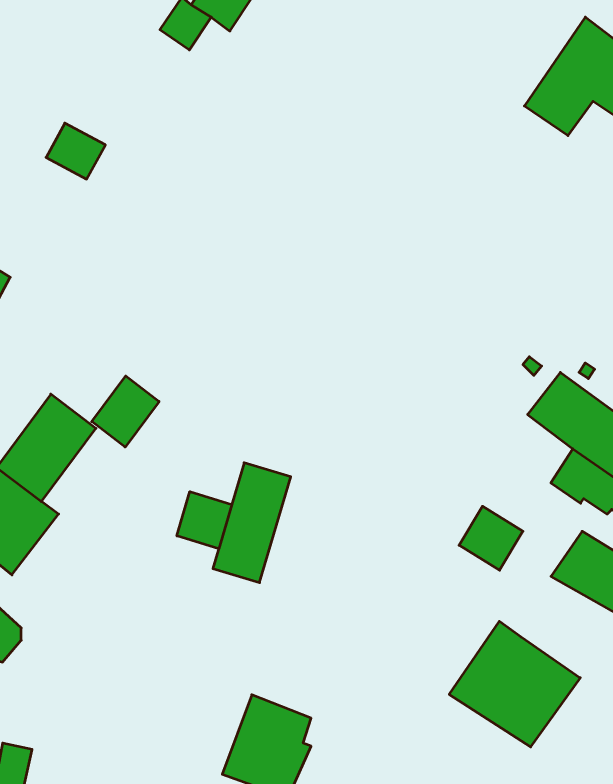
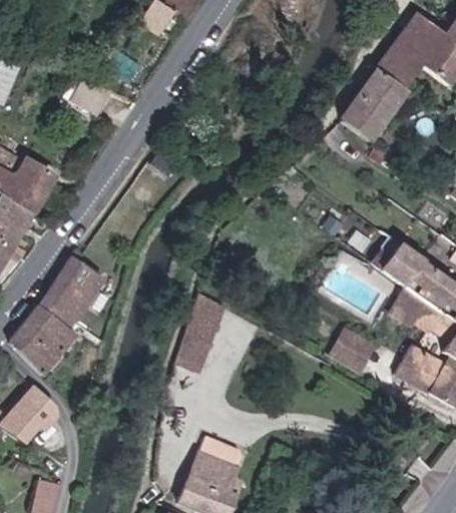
building: none -> [344,70,406,138]
building: [92,376,159,447] -> none
building: [177,492,232,549] -> none
building: [449,621,580,747] -> none

